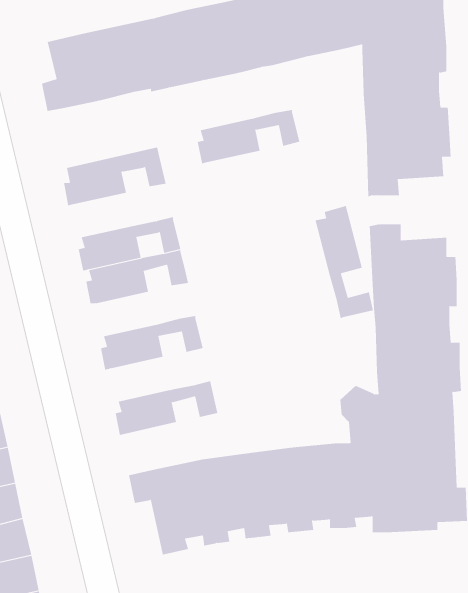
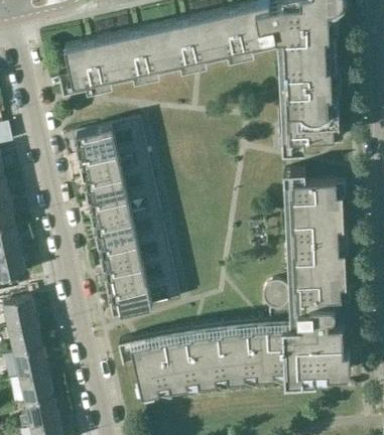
building: [197,109,300,164] -> [80,144,150,181]
building: [315,205,374,319] -> none
building: none -> [95,211,165,249]
building: none -> [105,256,175,293]

